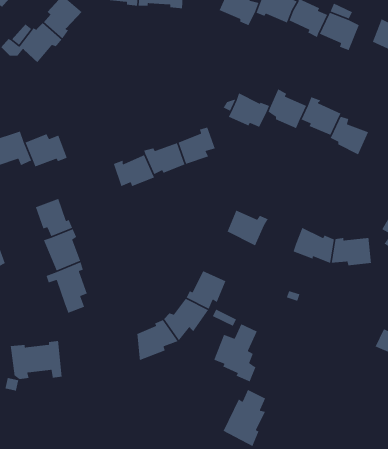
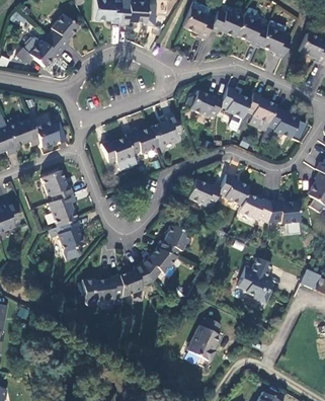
building: none -> [219,173,250,206]
building: [213,323,258,383] -> [236,257,270,303]
building: [10,340,63,380] -> [83,274,124,305]

